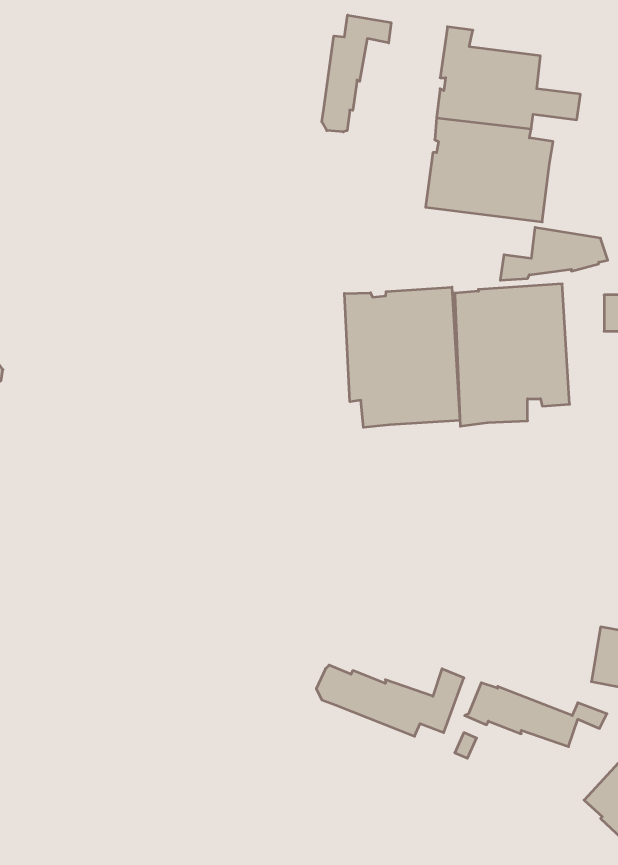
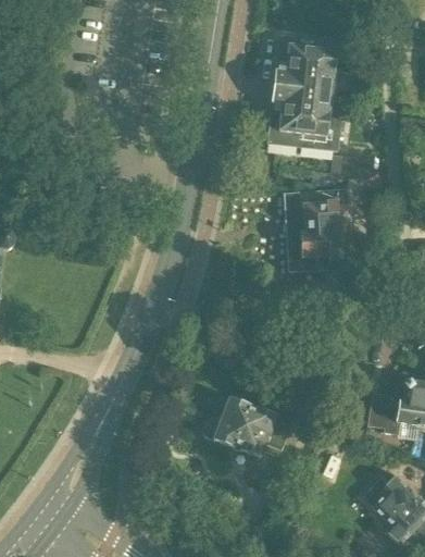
building: [322,15,391,132] -> none
building: [344,287,460,427] -> none
building: [465,683,607,747] -> [209,395,293,433]

